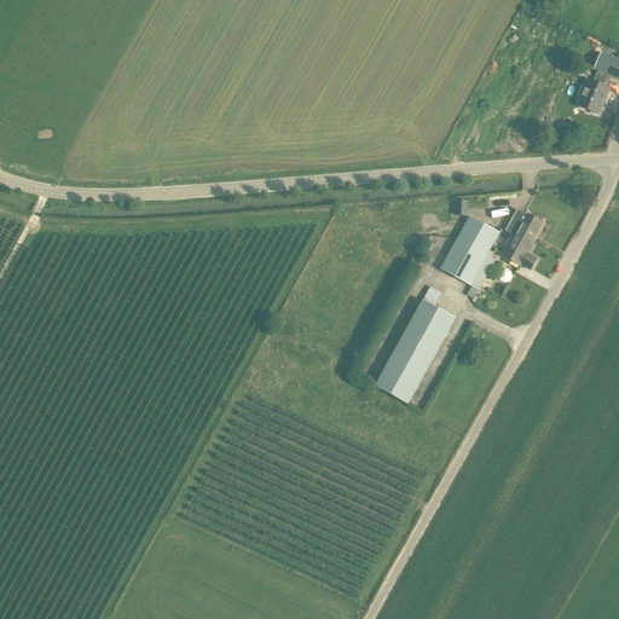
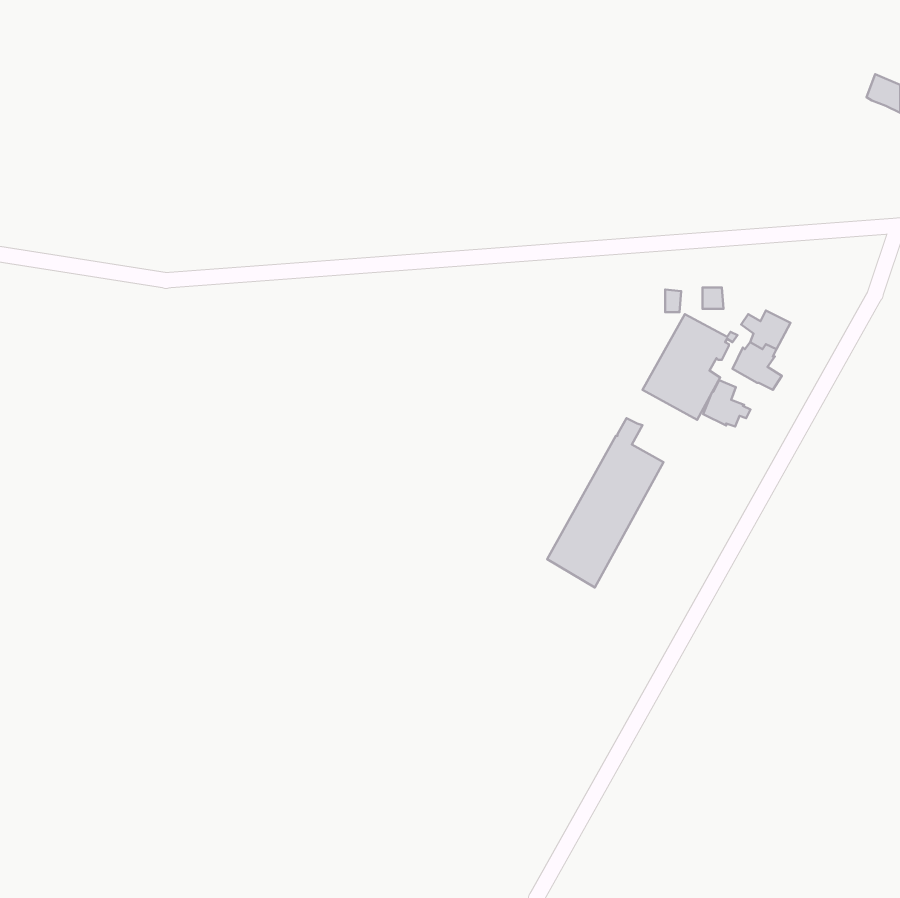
building: [575,69,609,112] -> none
building: none -> [703,380,750,426]

